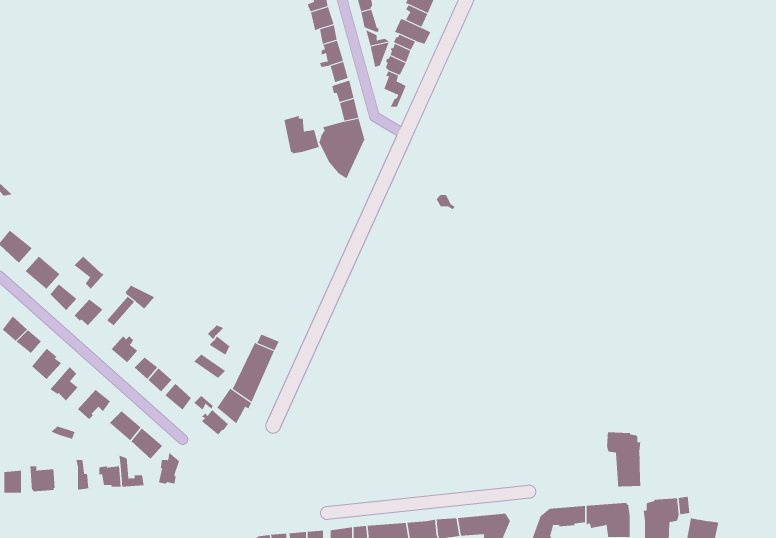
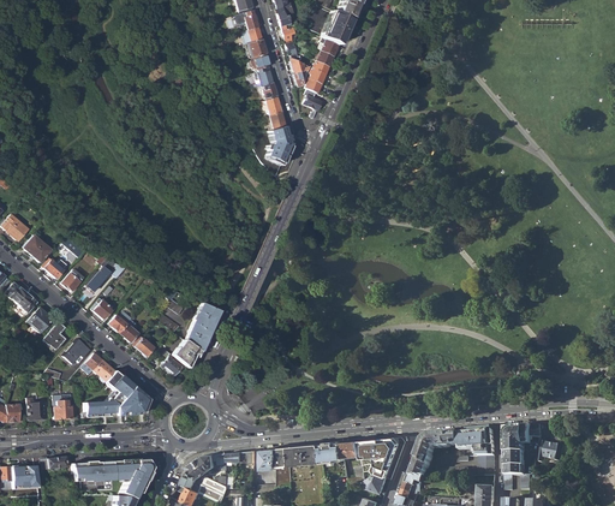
building: [284,115,320,154] -> none
building: [607,432,641,487] -> none

